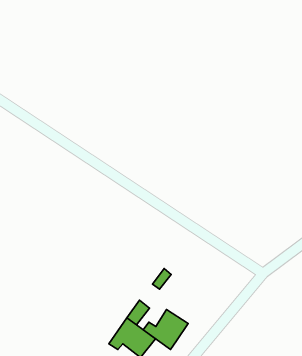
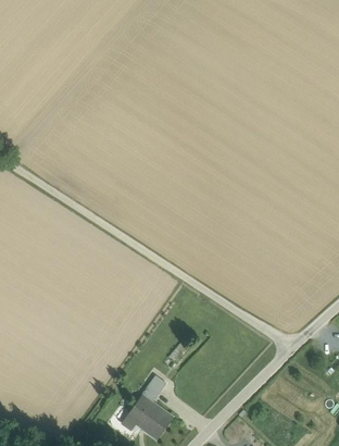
building: [143,310,188,349] -> none

